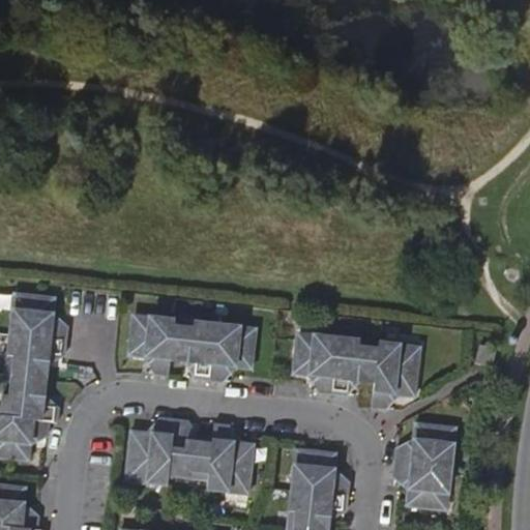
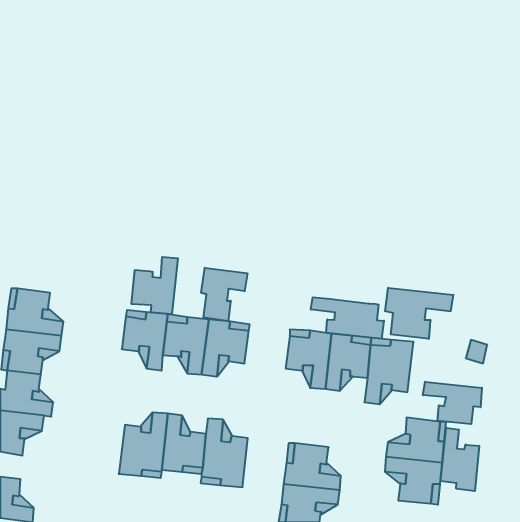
building: none -> [132,257,178,314]
building: none -> [201,268,247,321]
building: none -> [385,288,453,339]
building: none -> [311,297,384,339]
building: none -> [423,382,482,424]
building: none -> [440,428,479,491]

